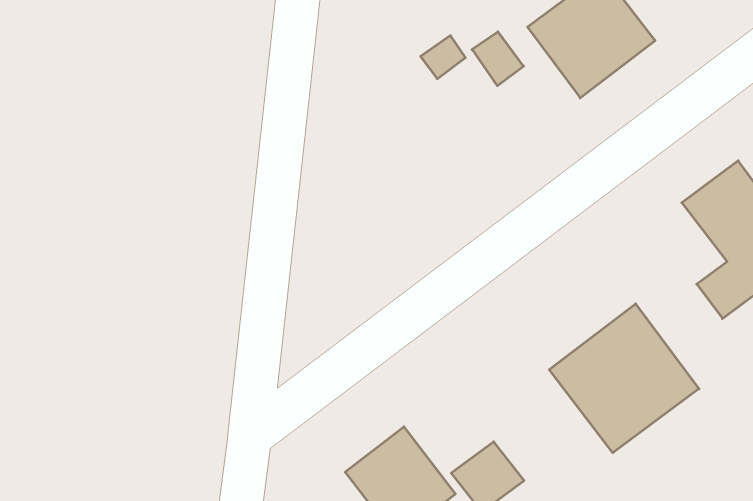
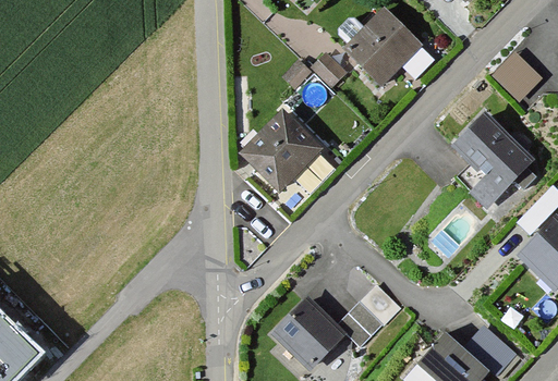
building: none -> [239,110,322,193]
building: [549,304,699,453] -> none

